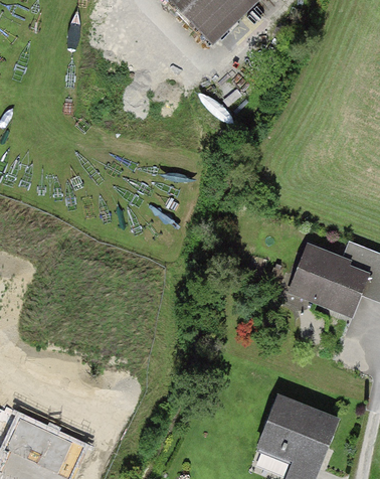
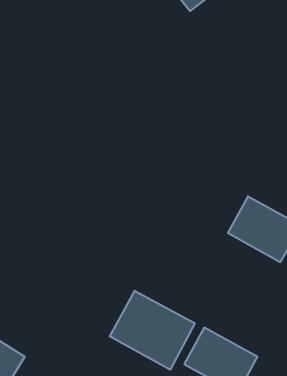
building: none -> [110,291,195,370]

